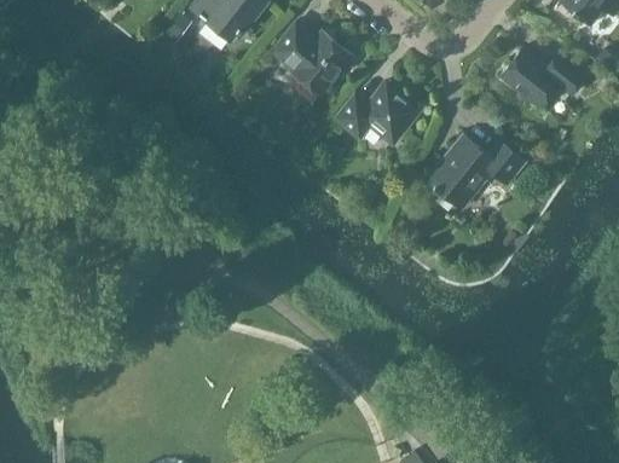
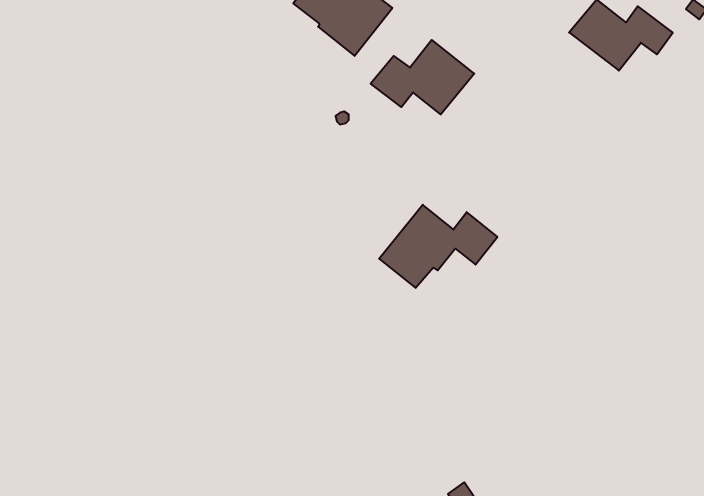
building: [426,135,523,204] -> [379,205,497,288]

